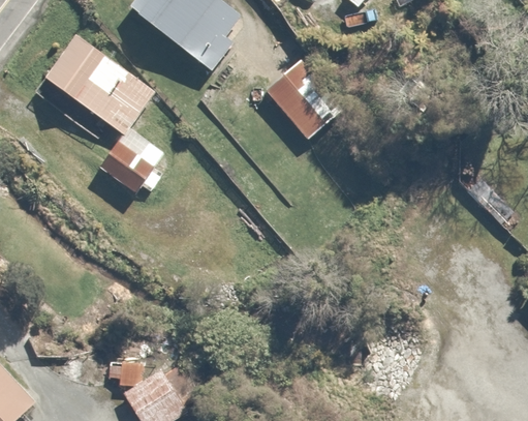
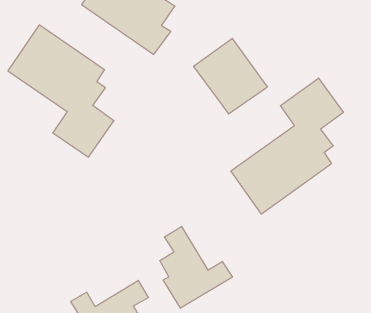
building: none -> [231,78,343,214]
building: none -> [160,226,232,308]

